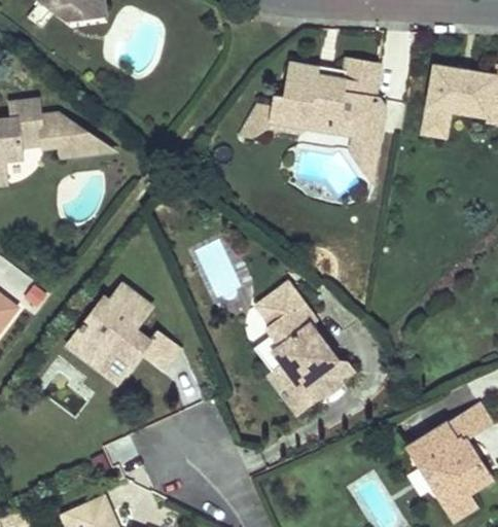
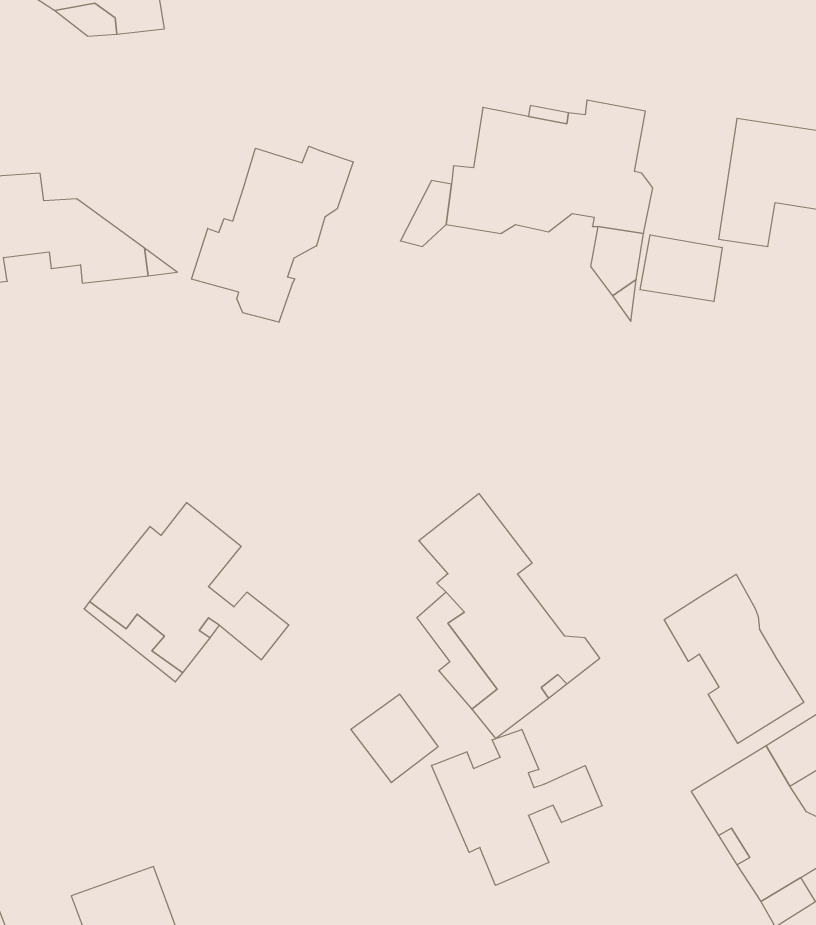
building: none -> [192,146,353,322]
building: none -> [640,235,722,302]
building: none -> [664,574,804,743]
building: none -> [351,694,438,783]
building: none -> [432,729,602,885]

